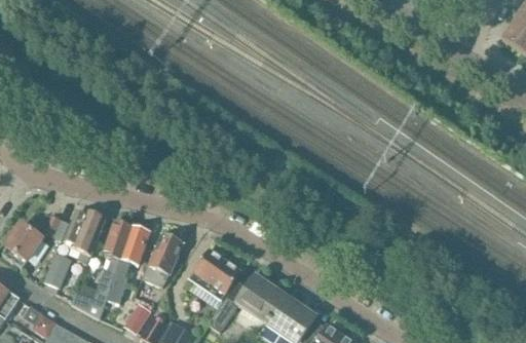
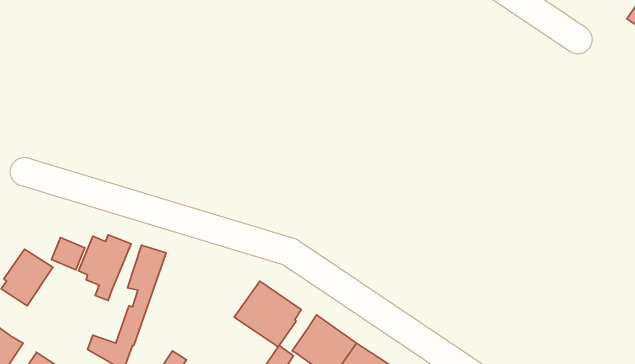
building: [108,226,150,304] -> none
building: [143,233,184,287] -> none
building: [43,253,72,289] -> none

